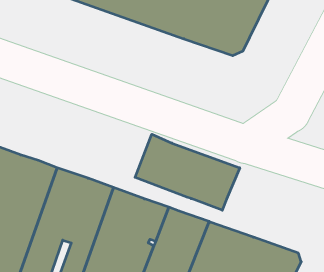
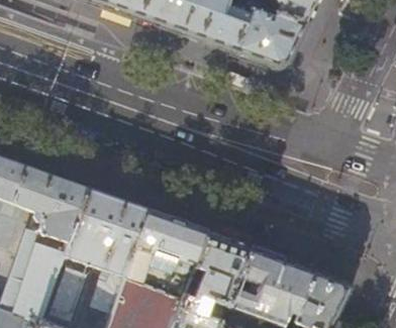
building: [135,134,240,210] -> none

